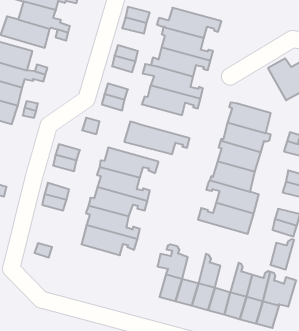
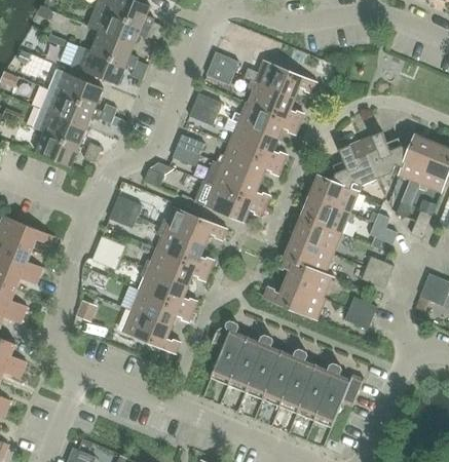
building: none -> [323,139,377,189]
building: none -> [204,159,270,205]
building: [270,239,294,270] -> [272,349,302,382]
building: none -> [121,308,180,352]
building: none -> [237,335,267,368]

